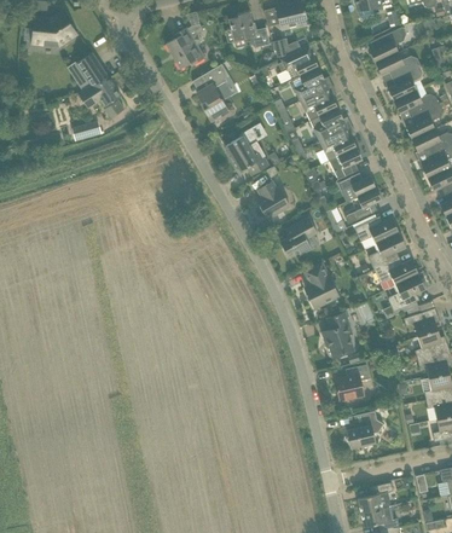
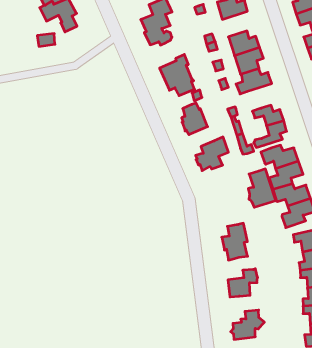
building: [291,66,325,99] -> none
building: [330,146,364,179] -> none
building: [305,261,340,307] -> [248,169,276,207]

